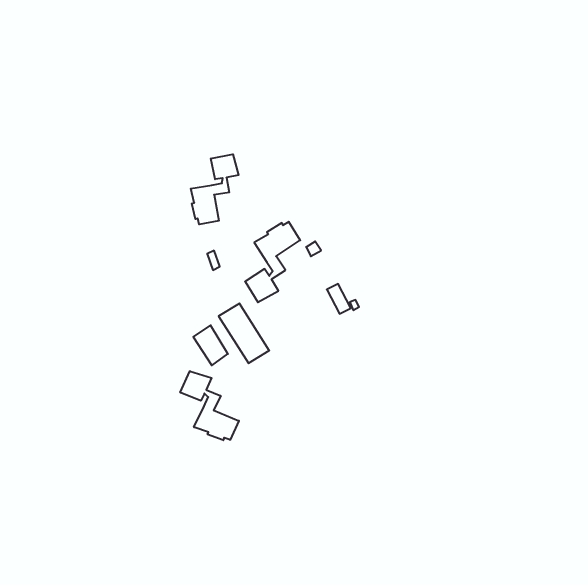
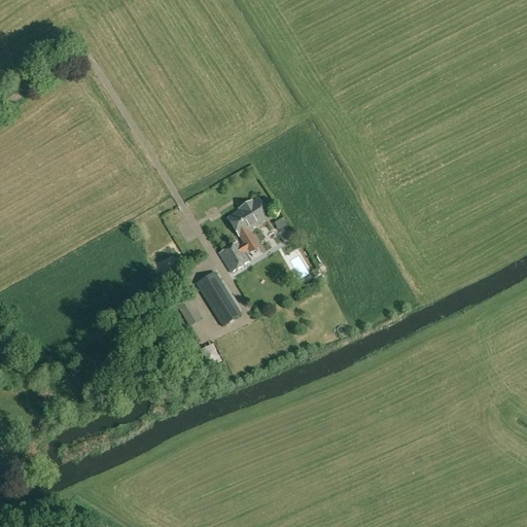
building: [191,154,239,224] -> none
building: [180,371,239,440] -> none

